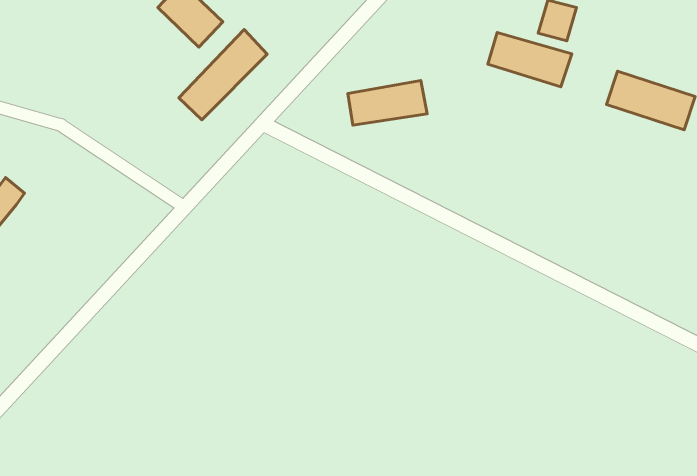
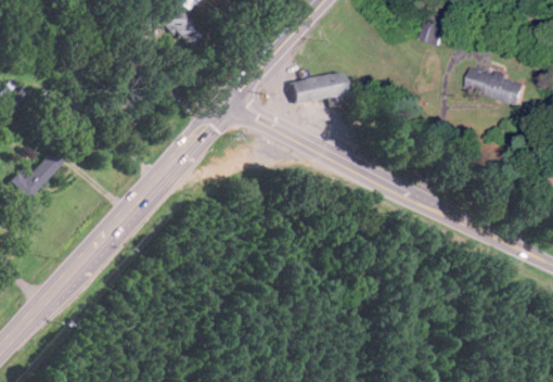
building: [179,30,267,120] -> none
building: [488,33,572,87] -> none

